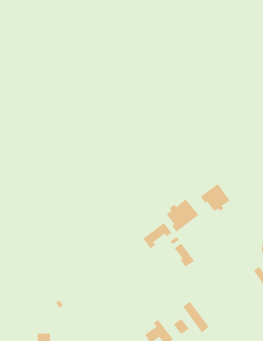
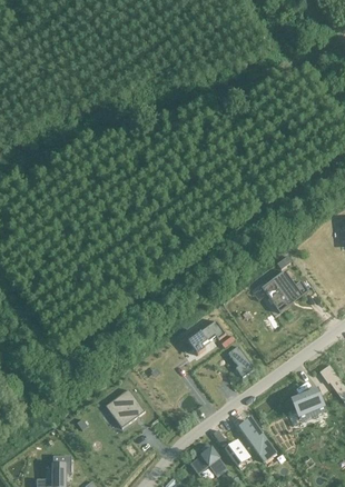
building: [166,199,199,232] -> none
building: none -> [111,388,144,427]
building: none -> [290,389,324,417]

